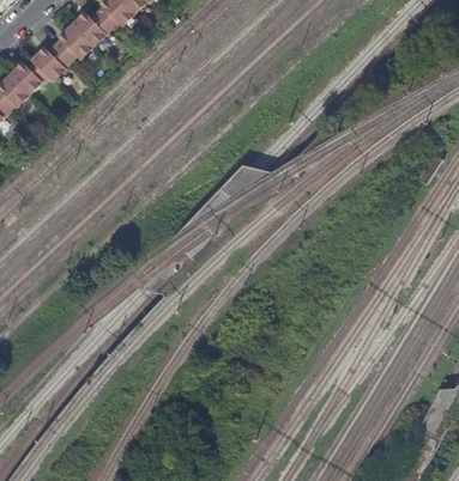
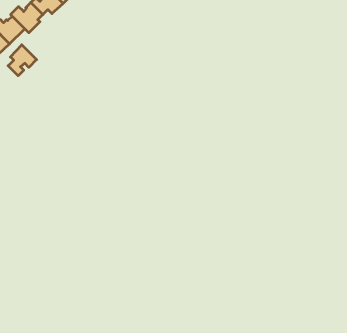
building: none -> [8,45,37,76]

